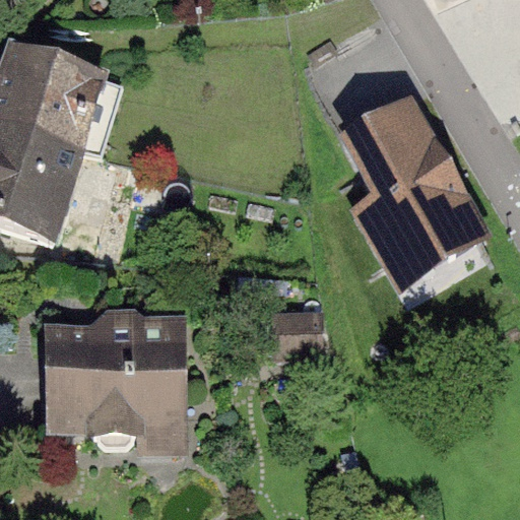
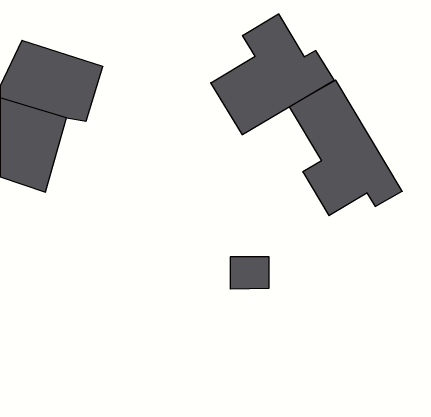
building: none -> [211,14,334,135]
building: [56,313,185,457] -> none

